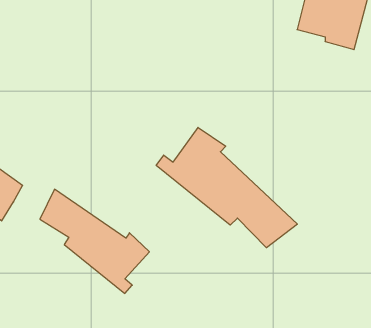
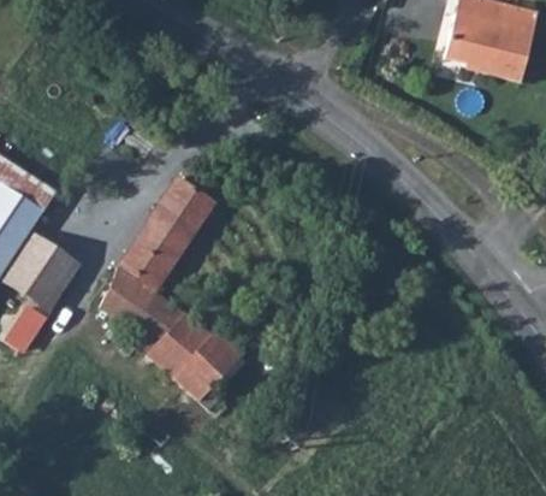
building: none -> [123,175,214,287]
building: [156,127,297,248] -> none

